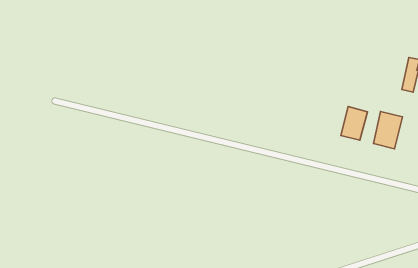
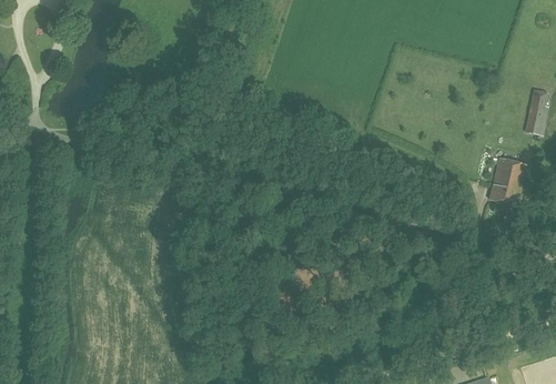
building: [341,107,368,140] -> none

